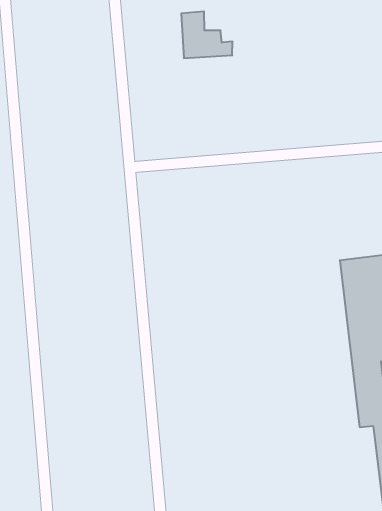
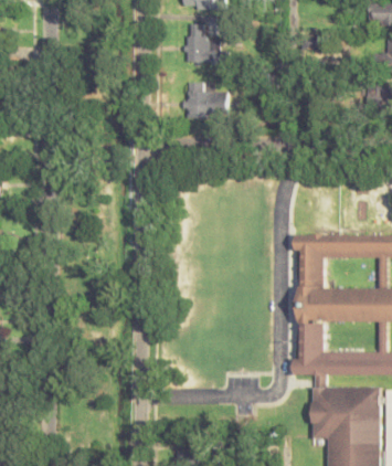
building: none -> [184,83,224,117]

